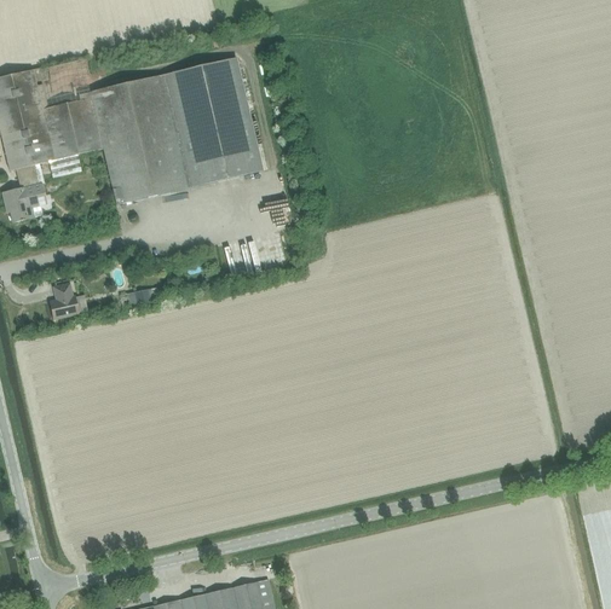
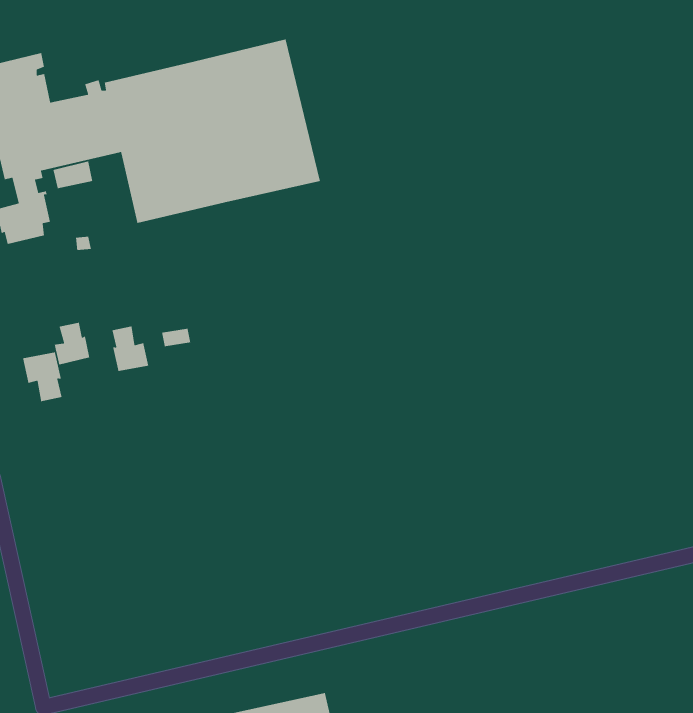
building: none -> [112,325,149,372]
building: none -> [22,352,62,402]

